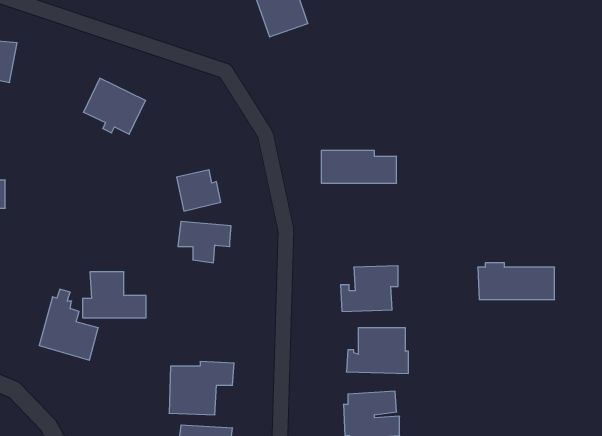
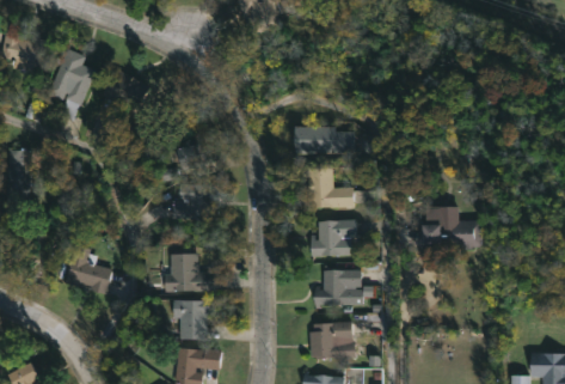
building: none -> [49,48,96,121]
building: none -> [307,167,352,208]
building: [83,272,146,318] -> [164,255,215,292]

